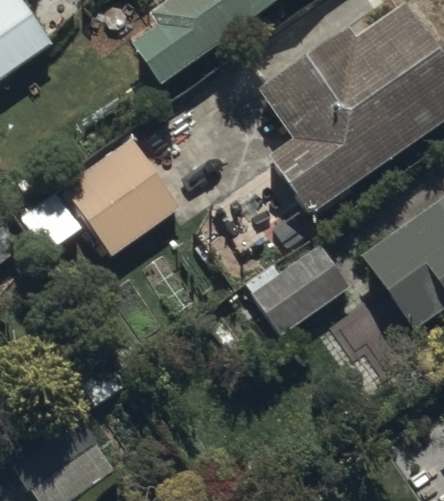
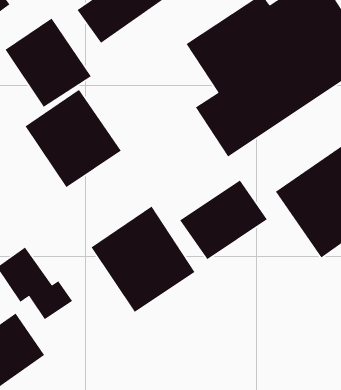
building: none -> [4,17,92,108]
building: none -> [90,206,195,313]

